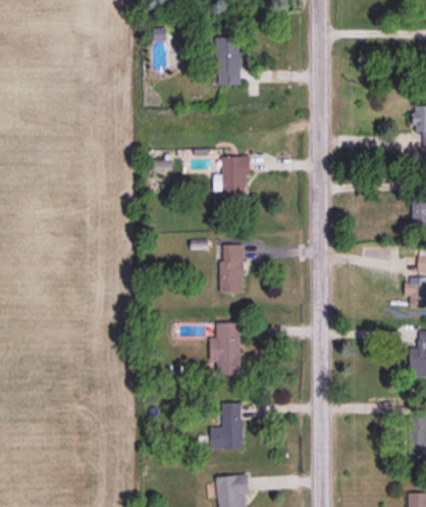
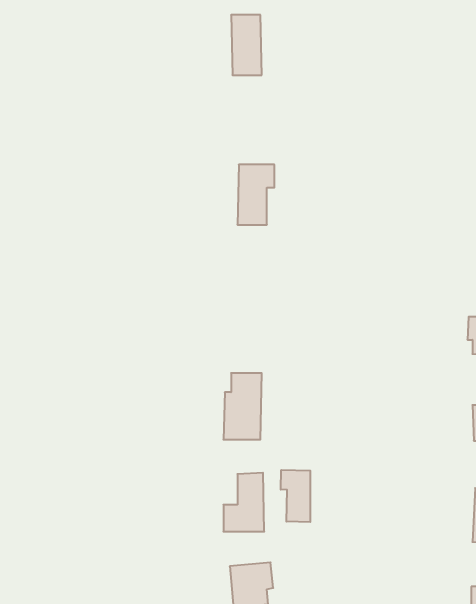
building: [217,245,244,292] -> none
building: none -> [281,470,310,522]

